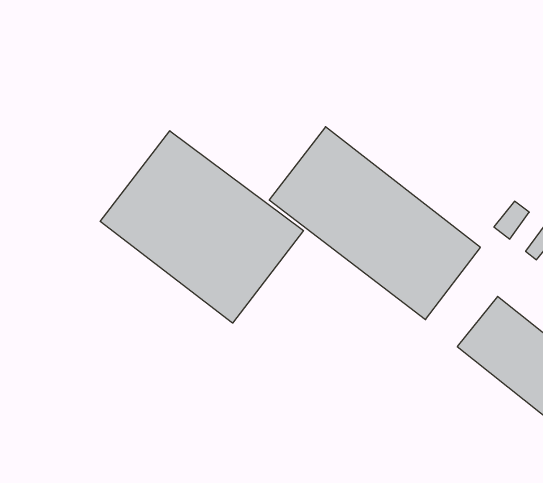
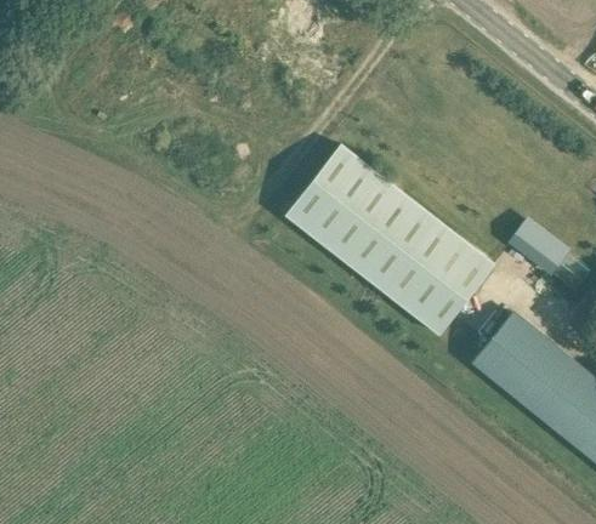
building: [100,131,303,323] -> none

